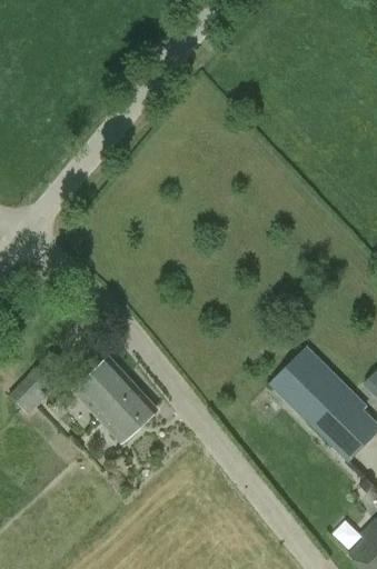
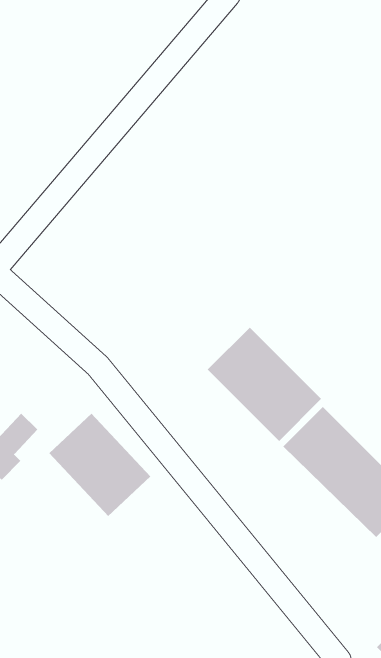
building: none -> [207,327,322,442]

